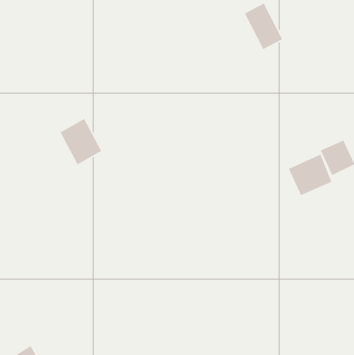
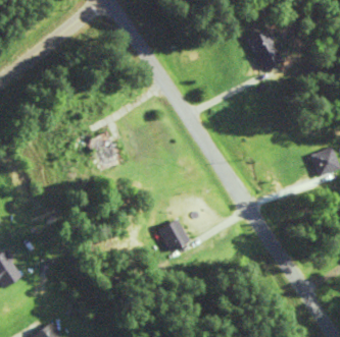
building: [288,154,333,196] -> none
building: none -> [157,220,188,252]

